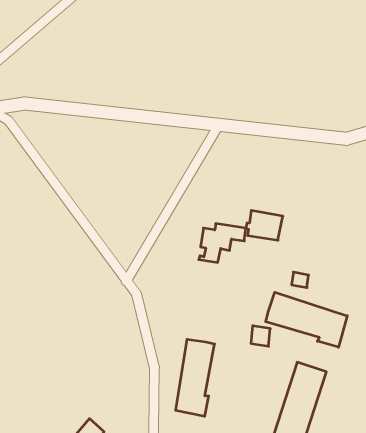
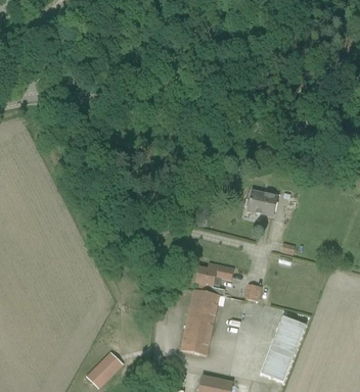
building: [199,224,246,262] -> [193,263,233,295]
building: [266,292,347,347] -> none

